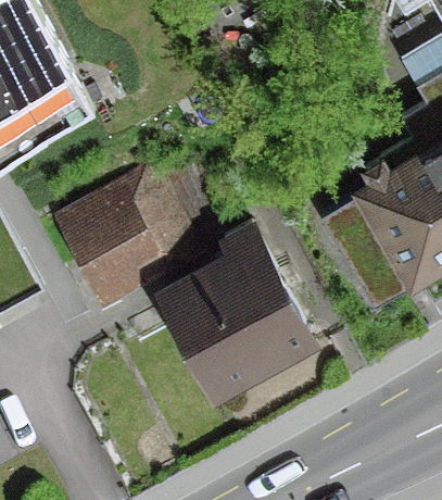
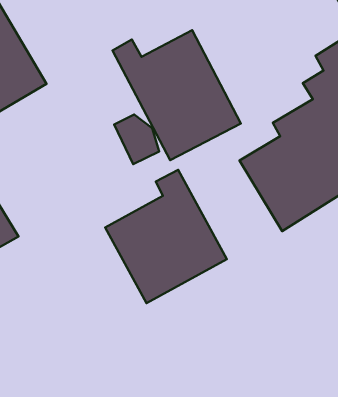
building: none -> [113,30,241,160]
building: [52,167,177,282] -> none

